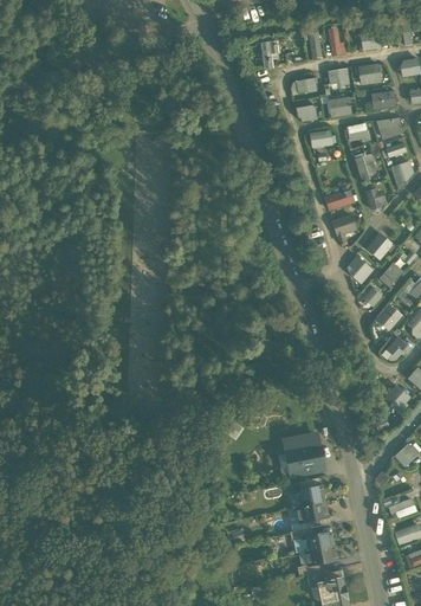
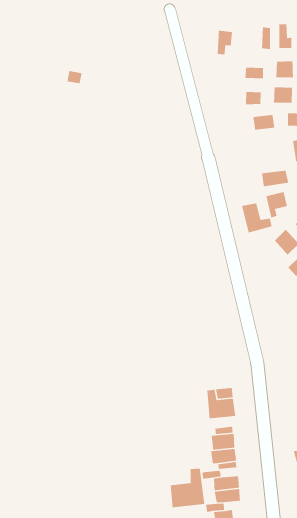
building: none -> [241,202,272,233]
building: none -> [170,468,205,508]

